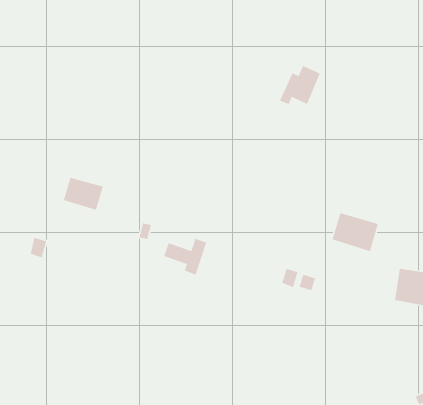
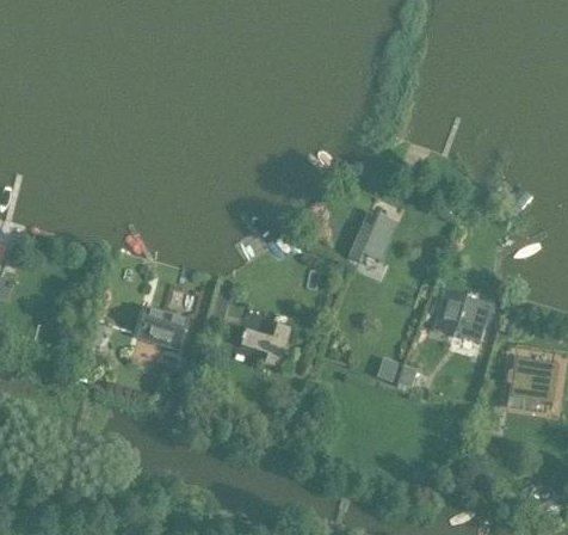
building: [279,65,321,105] -> [347,213,396,259]
building: [63,177,104,211] -> [140,308,187,348]

